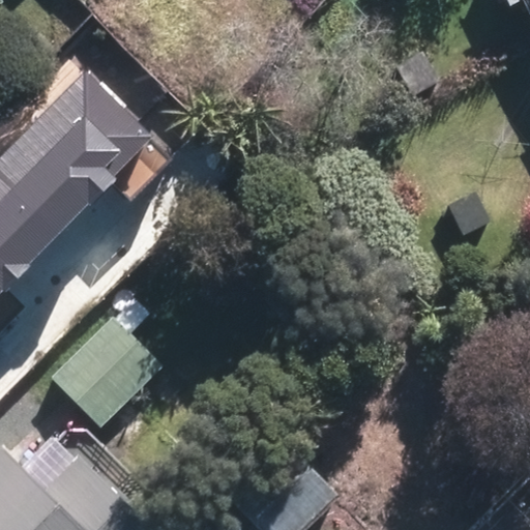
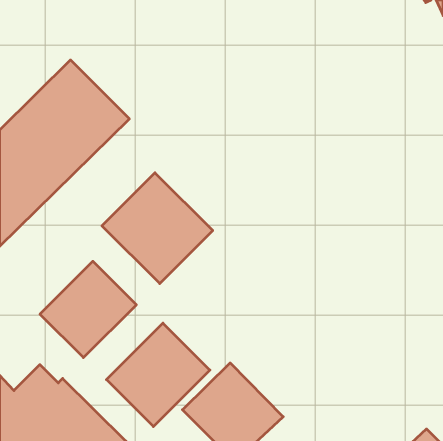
building: none -> [102,173,213,284]
building: none -> [106,323,210,427]

